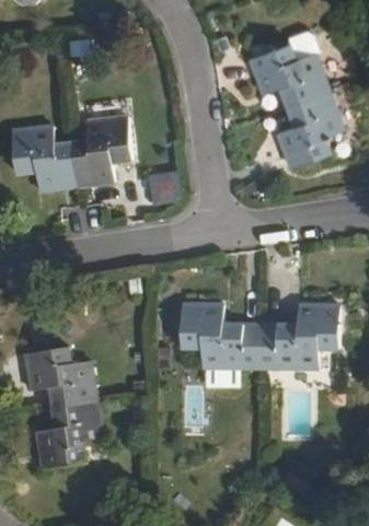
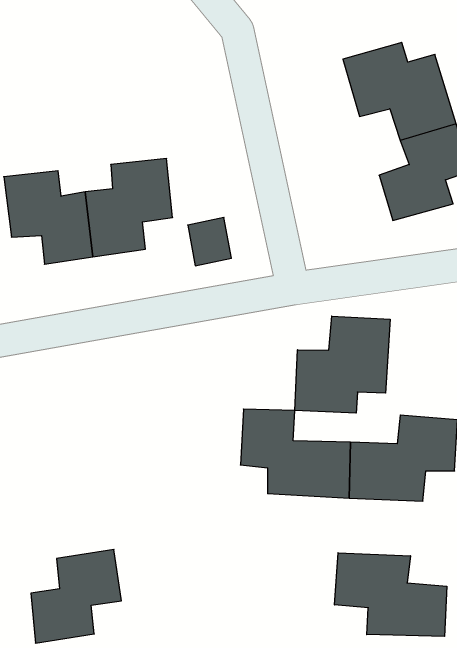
building: none -> [295,316,390,413]
building: [18,349,89,409] -> none
building: none -> [335,553,447,636]

